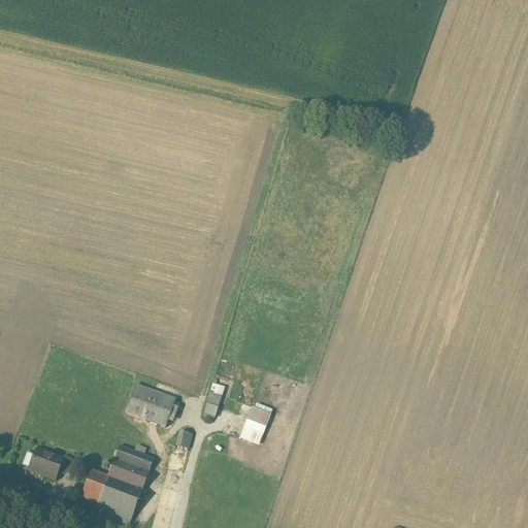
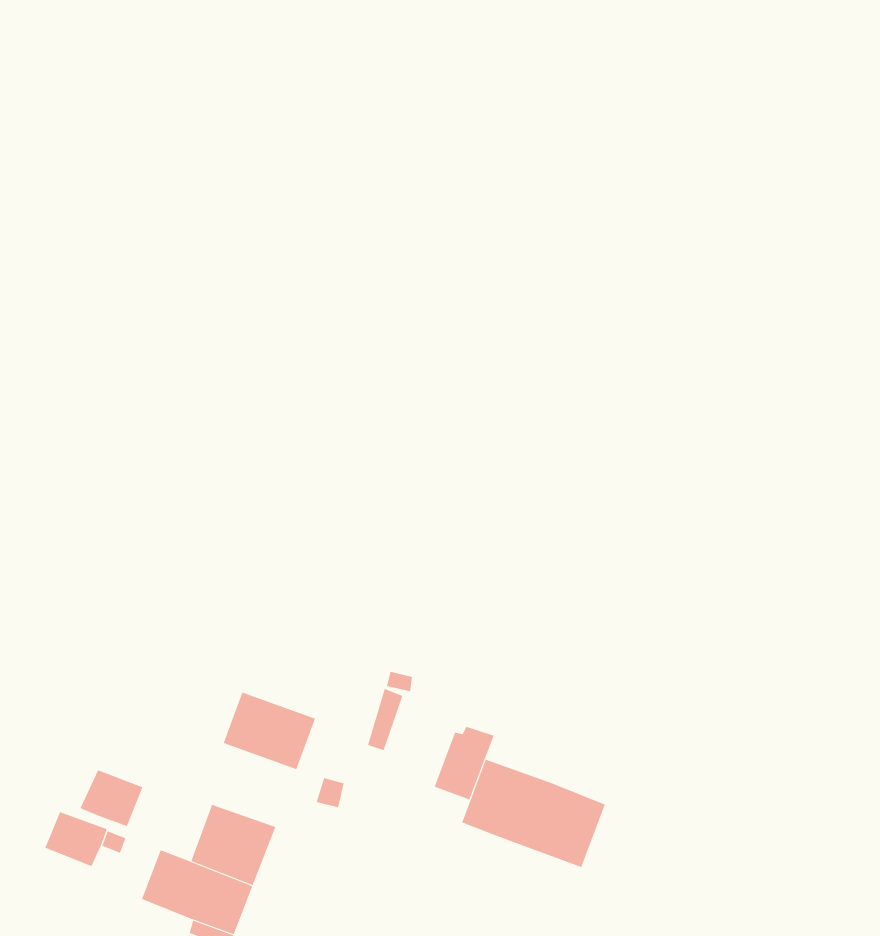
building: none -> [461,759,606,868]
building: none -> [80,769,143,827]

